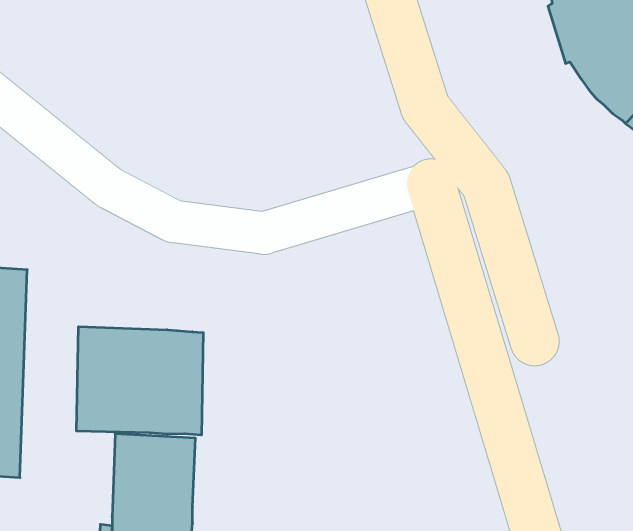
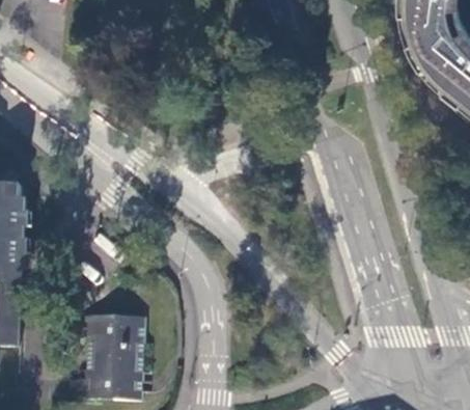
building: [77,327,203,435] -> none

